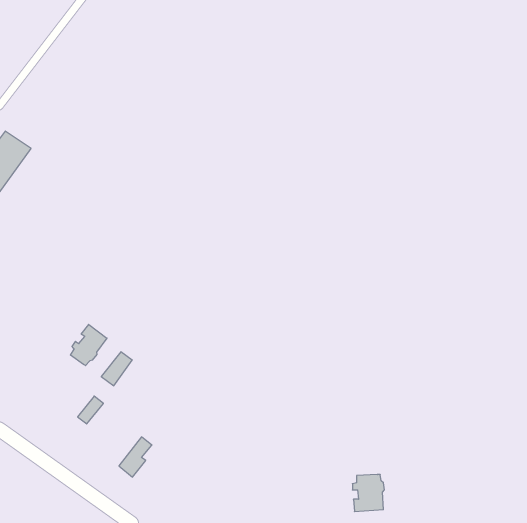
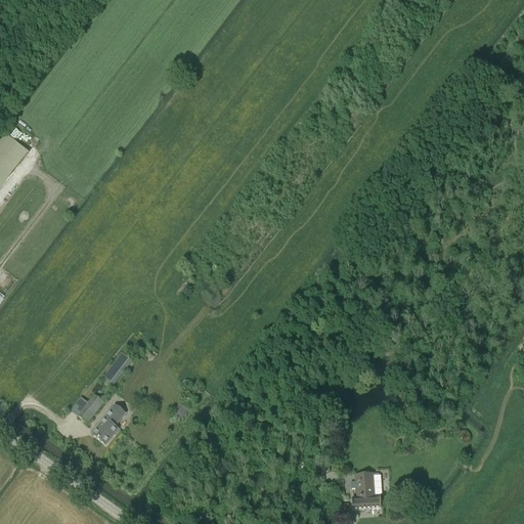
building: [70,324,107,366] -> none
building: [119,437,152,477] -> [91,402,124,442]

